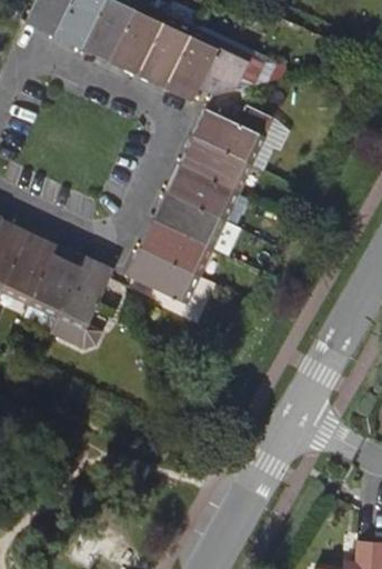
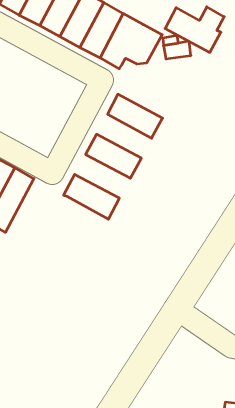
building: [191,104,270,166] -> [165,7,224,52]
building: [165,164,251,227] -> none
building: [139,220,214,277] -> none
building: [50,257,112,348] -> none

